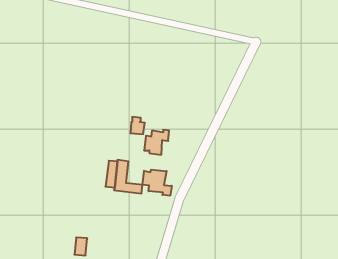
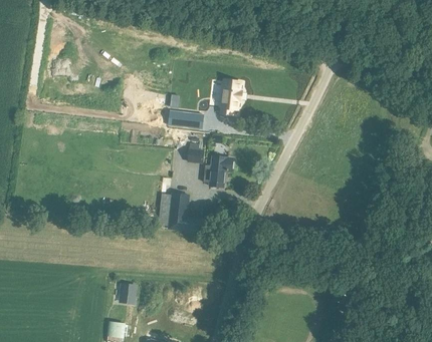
building: none -> [218,80,238,113]
building: none -> [168,110,203,128]
building: [142,170,172,196] -> none

